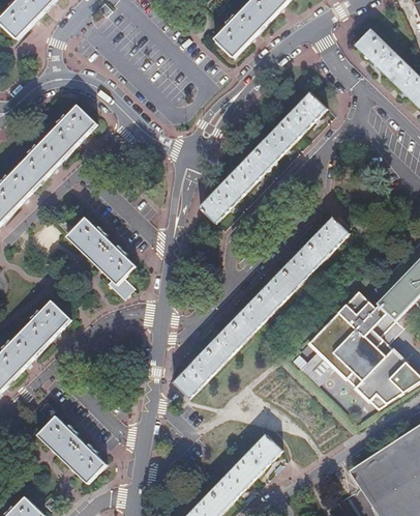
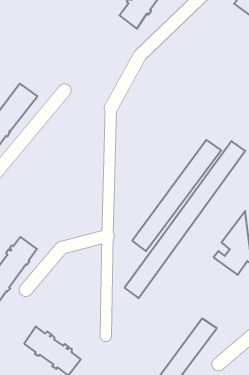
building: [199,93,326,223] -> [132,140,221,251]
building: [66,218,136,300] -> none

